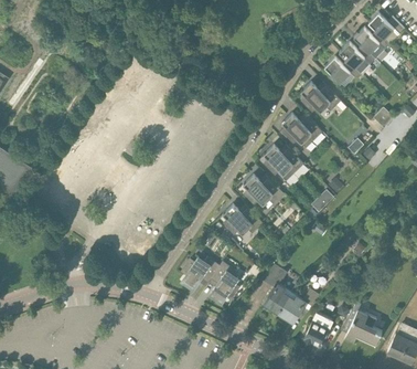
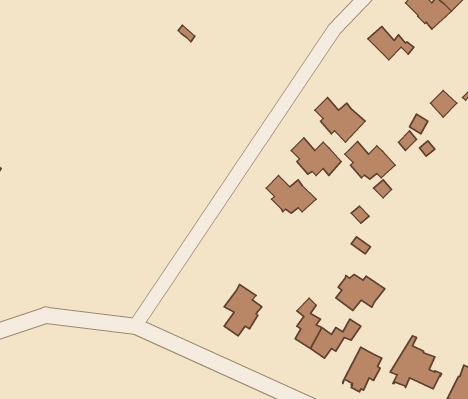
building: [339,42,374,73] -> none
building: [300,82,340,112] -> [345,142,395,179]
building: [222,204,263,234] -> none
building: none -> [336,274,385,311]
building: [181,256,220,288] -> none

